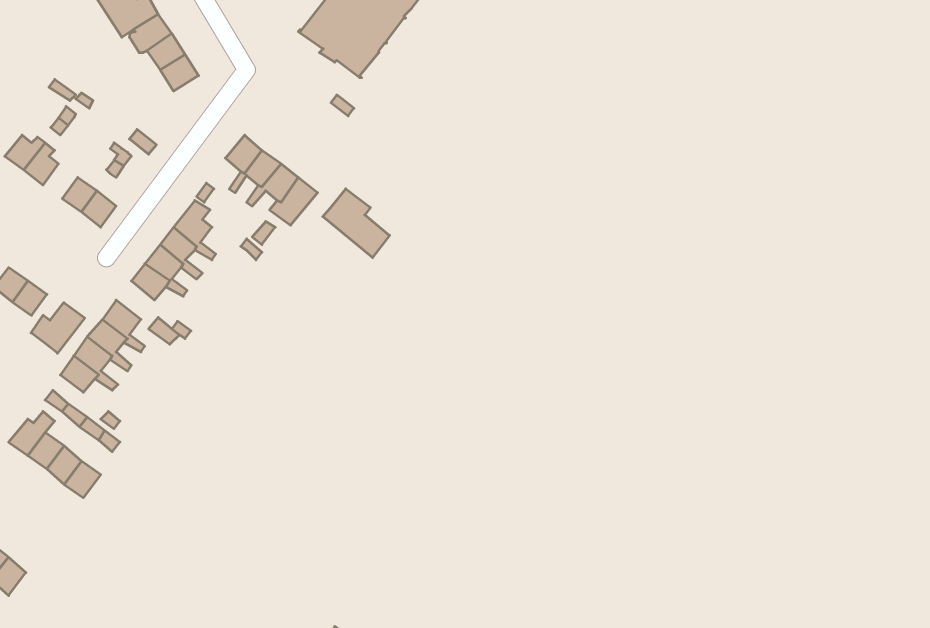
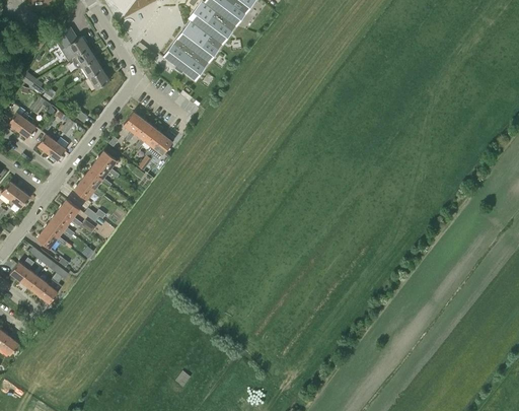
building: [323,189,390,258] -> none
building: [31,303,85,353] -> none

